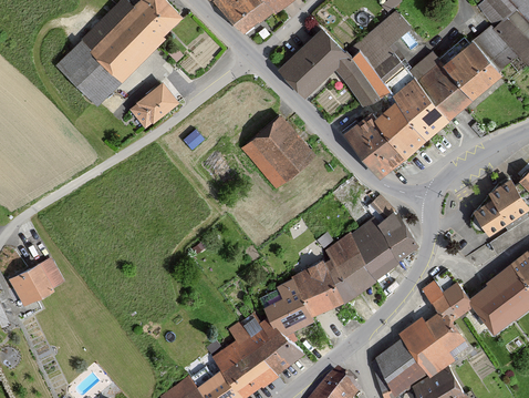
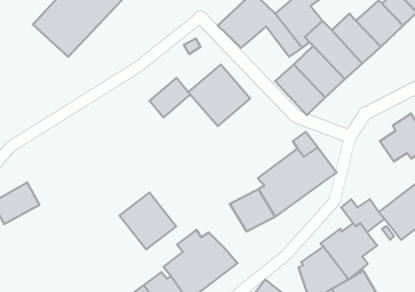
building: [128,82,177,130] -> [150,78,190,118]
building: none -> [120,192,176,250]
building: [258,283,314,336] -> none

